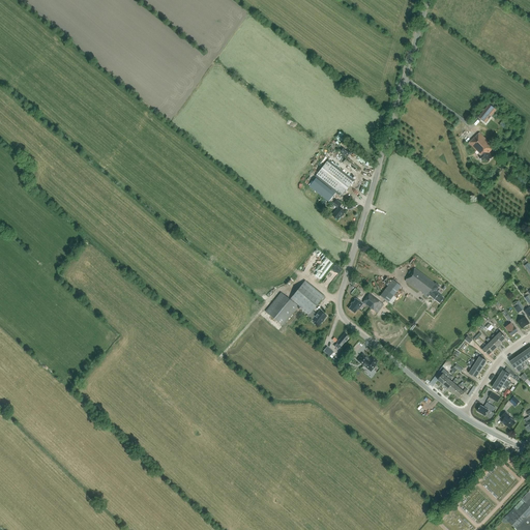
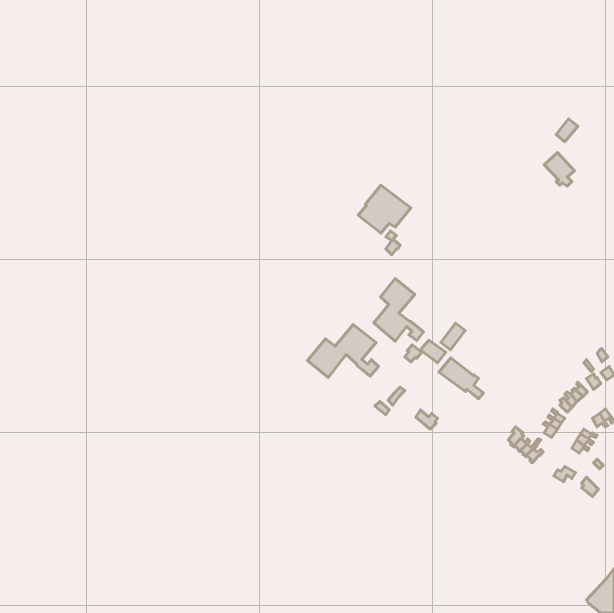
building: none -> [374,279,423,341]
building: [405,267,443,302] -> [439,358,483,399]

